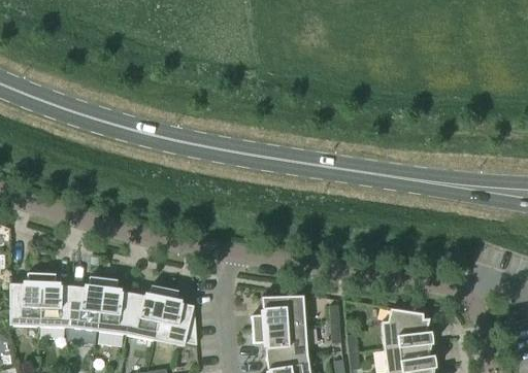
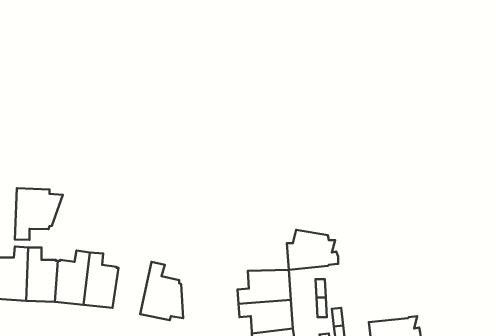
building: none -> [15,188,63,240]
building: [126,285,165,340] -> none
building: [382,308,433,348] -> [287,230,338,270]

